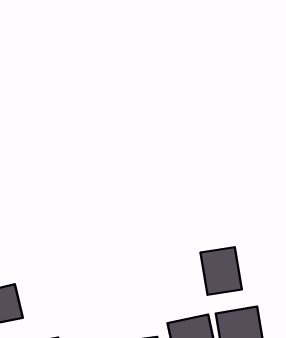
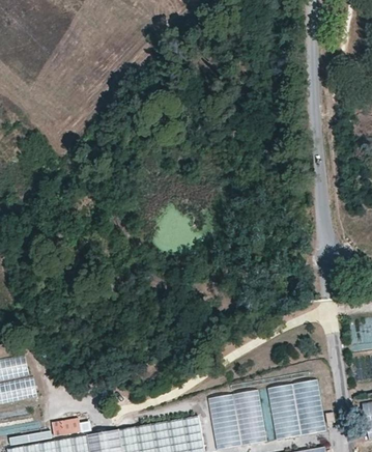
building: [201,247,242,295] -> none

